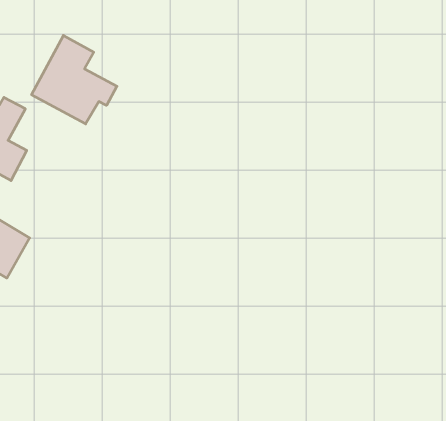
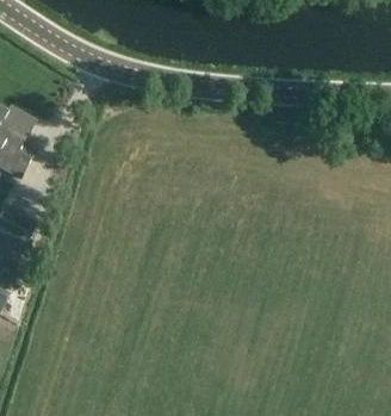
building: [32,35,117,124] -> none

